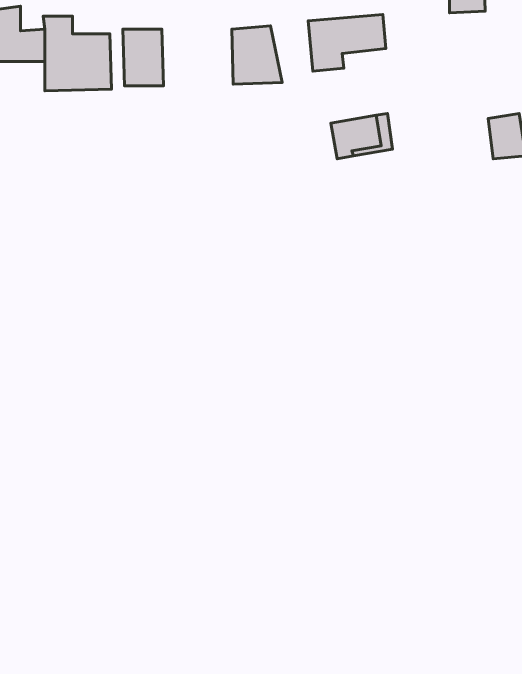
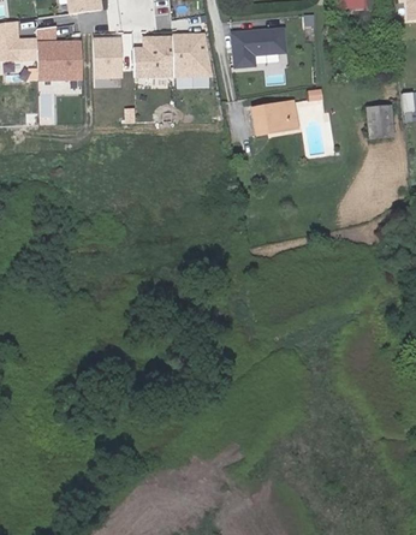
building: none -> [133,37,176,79]

